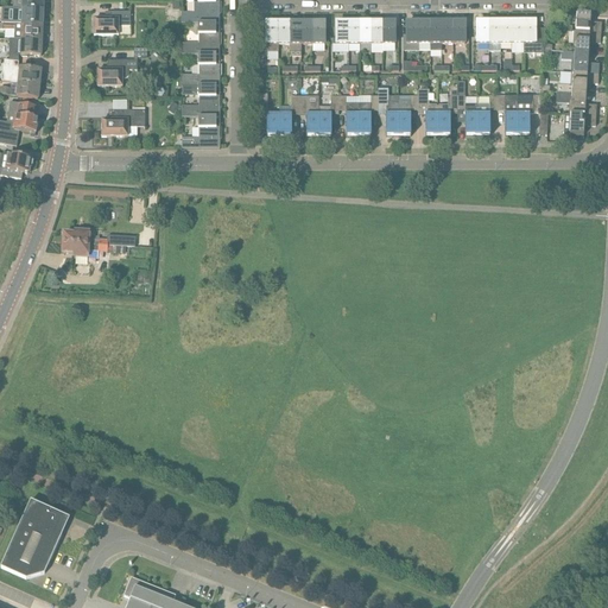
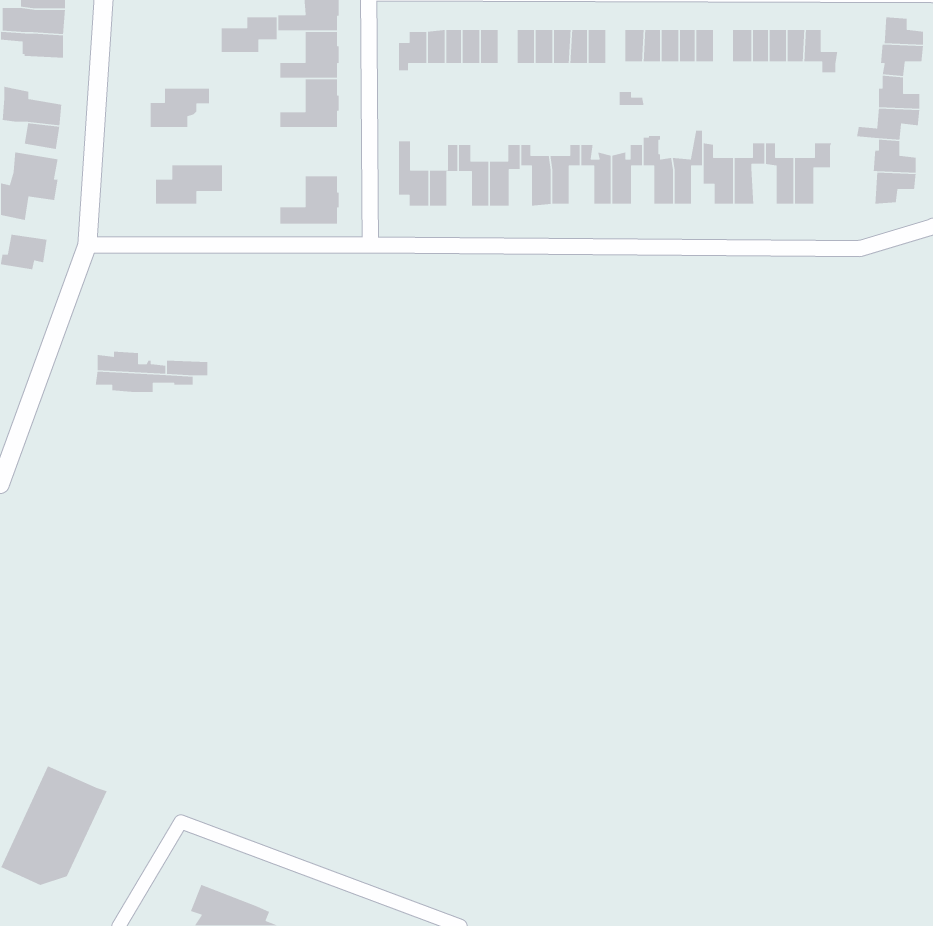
building: [94,8,131,32] -> [221,16,278,53]
building: [8,37,42,58] -> none
building: [182,83,221,114] -> none

